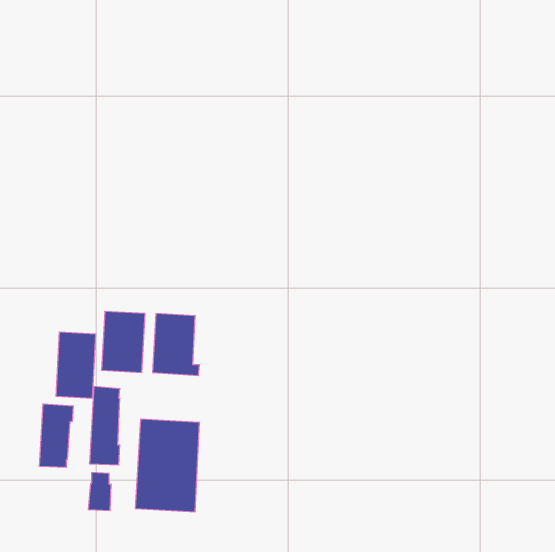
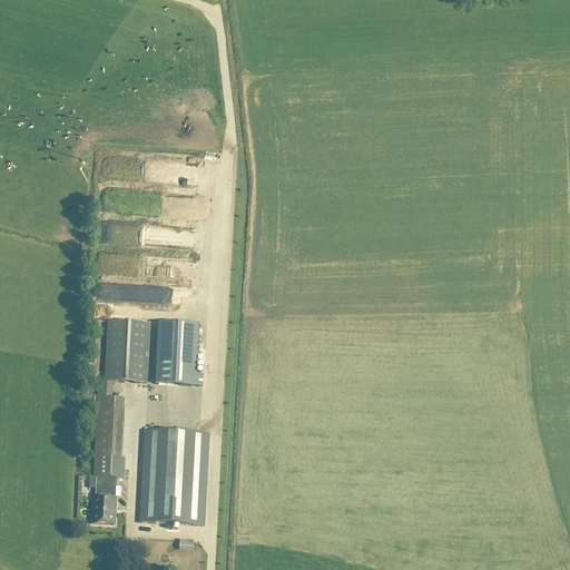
building: [56,332,96,398] -> none
building: [40,404,73,467] -> none

